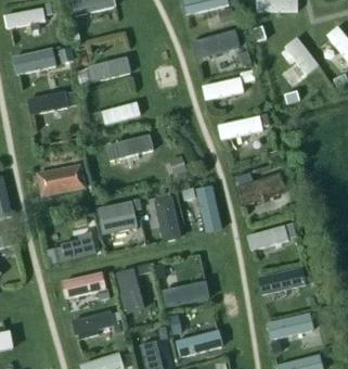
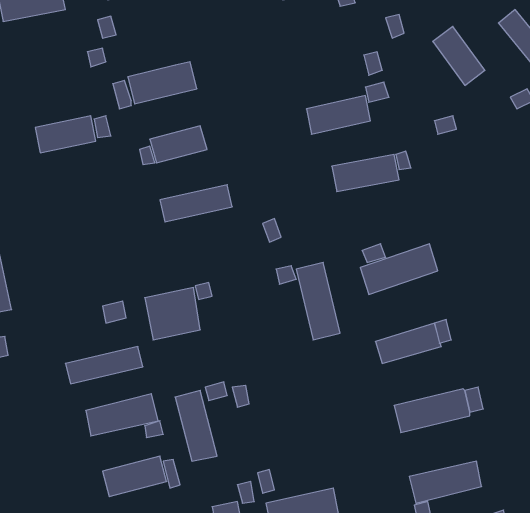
building: [191,33,241,61] -> none
building: [13,49,56,76] -> none
building: [36,164,86,198] -> none
building: [154,199,180,244] -> none
building: [159,278,208,304] -> none

